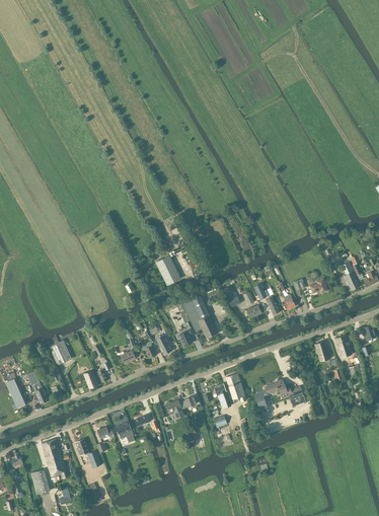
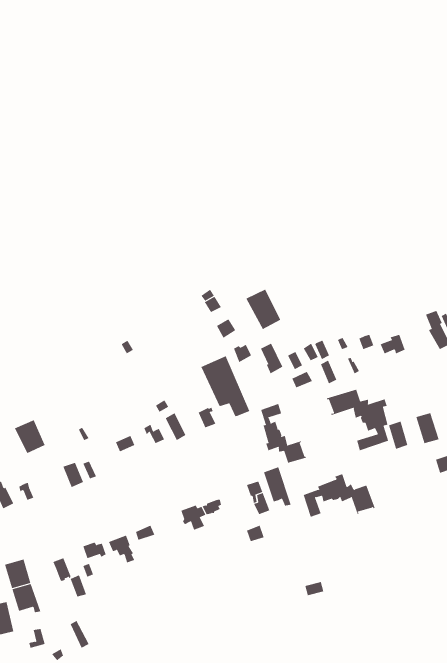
building: [155,255,180,285] -> [245,289,281,330]
building: none -> [327,389,389,451]
building: none -> [261,403,306,464]

